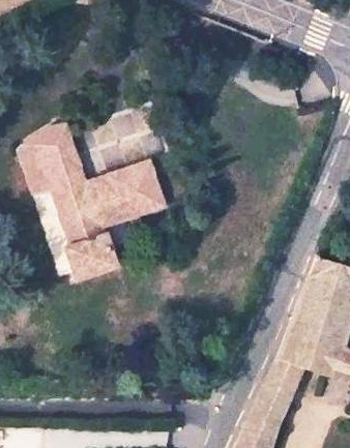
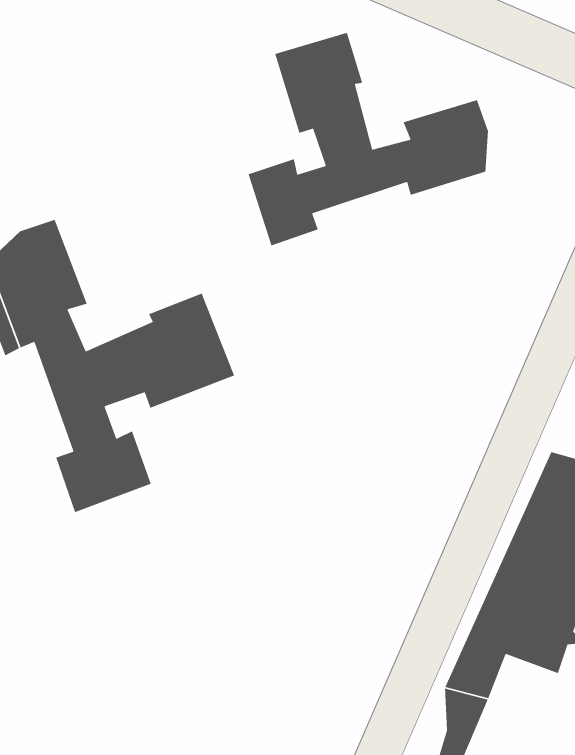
building: none -> [248,32,489,247]

